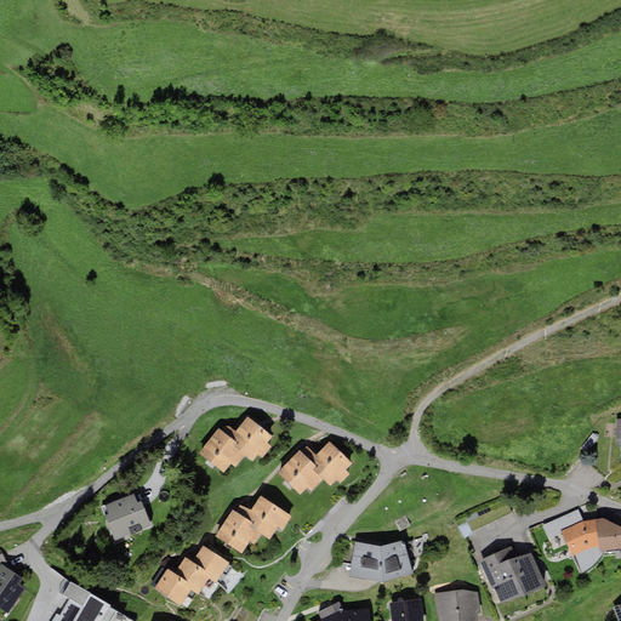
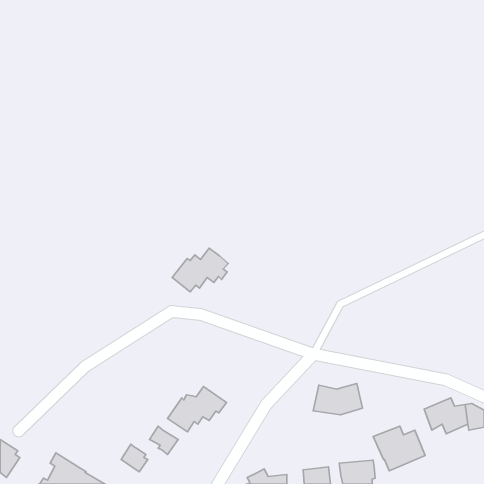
building: [199,415,270,471] -> [172,248,228,292]
building: [278,441,352,494] -> none
building: [103,491,150,540] -> none
building: [348,540,411,580] -> [313,383,362,415]
building: [175,558,207,593] -> none

